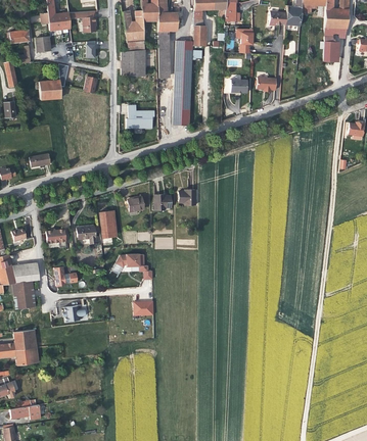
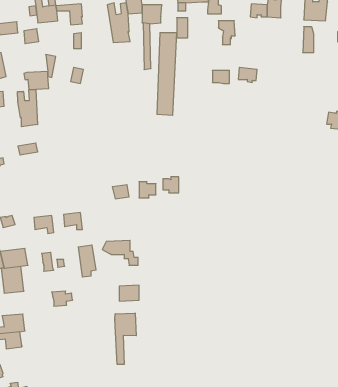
building: [121,50,145,76] -> none
building: none -> [18,89,38,127]
building: [127,105,154,129] -> none
building: [99,210,118,243] -> [78,245,96,277]
building: none -> [115,313,136,364]

